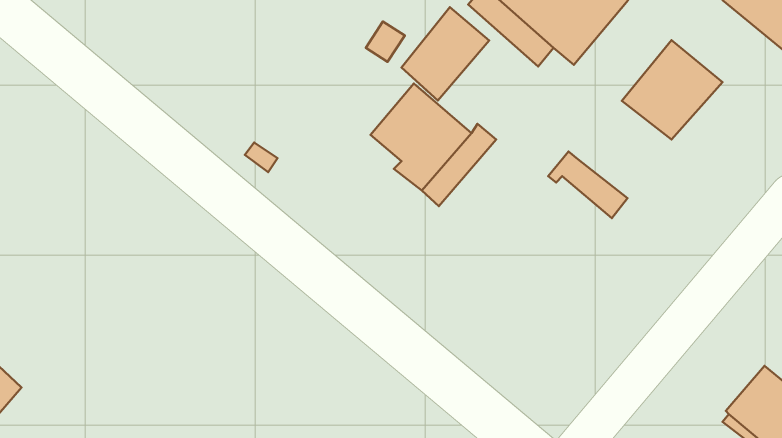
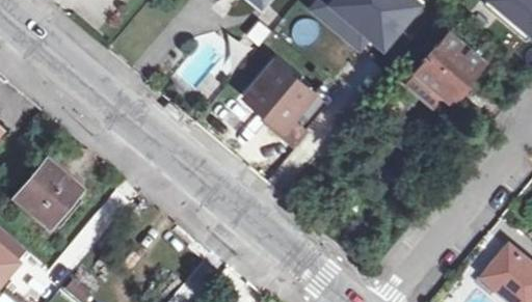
building: [402,7,489,101] -> none
building: [548,151,627,218] -> [398,65,451,110]
building: none -> [14,162,82,228]

